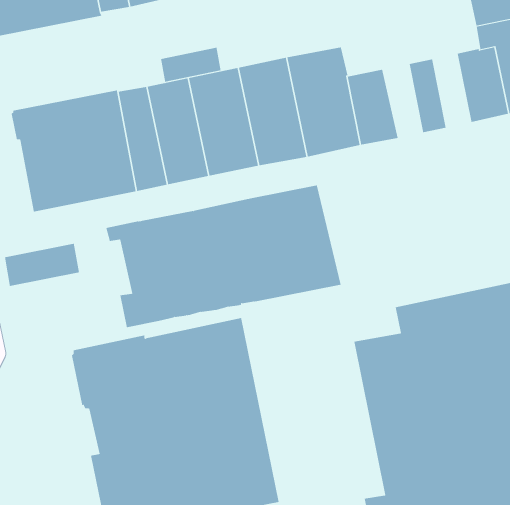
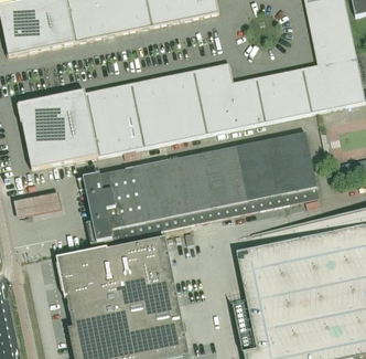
building: [161,47,221,83] -> none
building: none -> [288,66,312,114]
building: none -> [256,73,281,120]
building: none -> [214,131,319,214]

